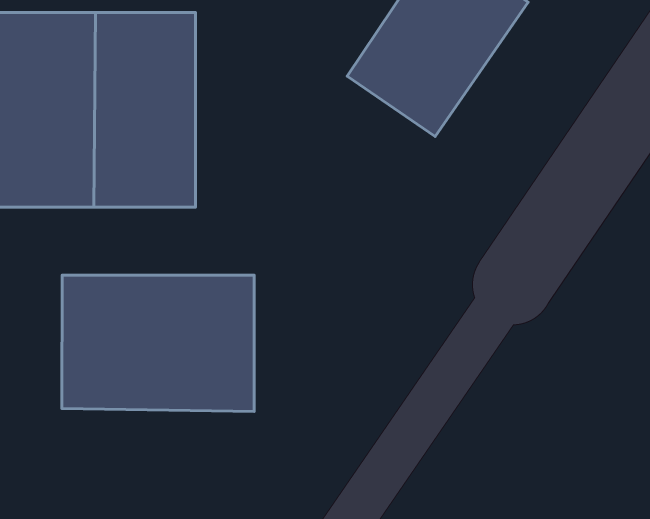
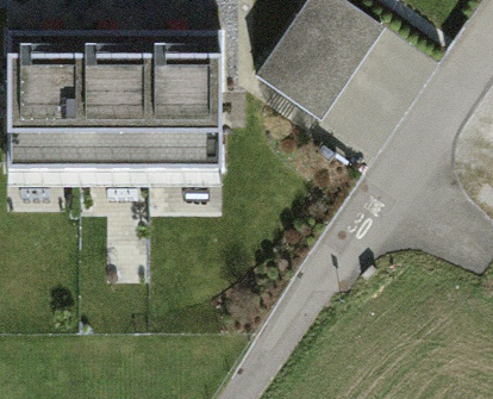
building: none -> [151,32,220,167]
building: [62,275,254,411] -> none

